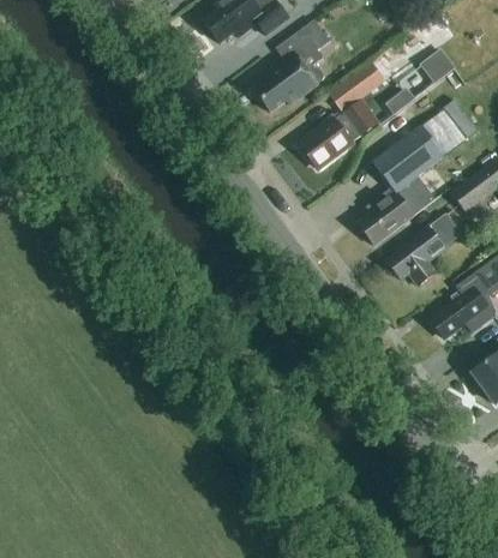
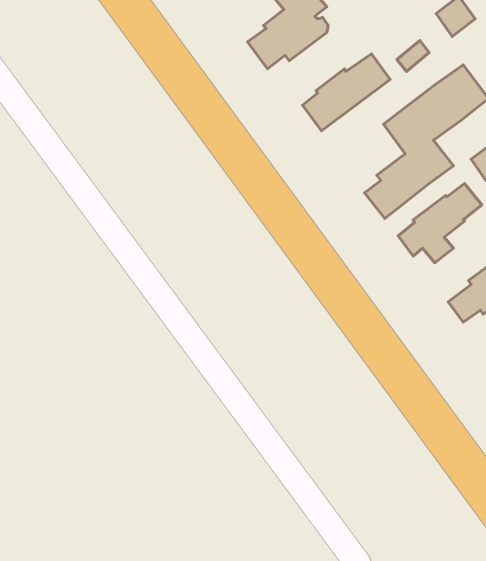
building: [329,60,385,112] -> none

